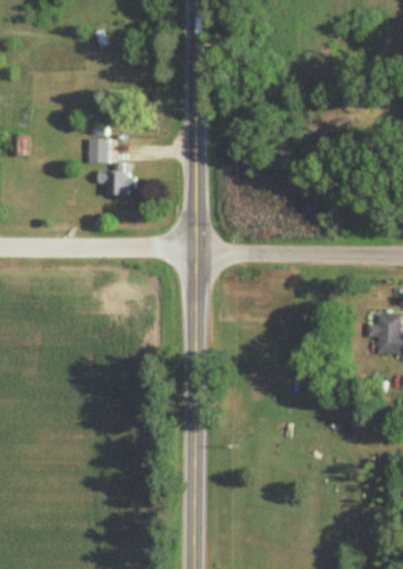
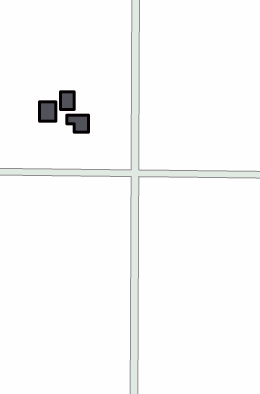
building: none -> [40,102,56,121]

